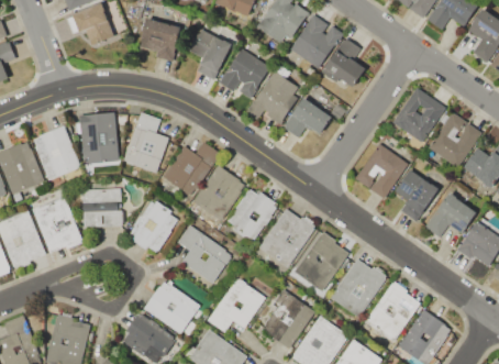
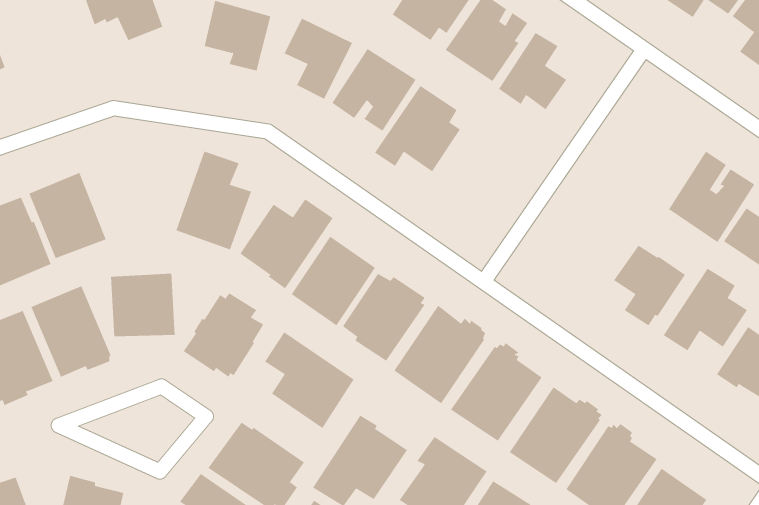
building: [392,88,445,143] -> none
building: [282,97,333,139] -> none
building: [79,112,119,164] -> none
building: [354,144,408,200] -> none

